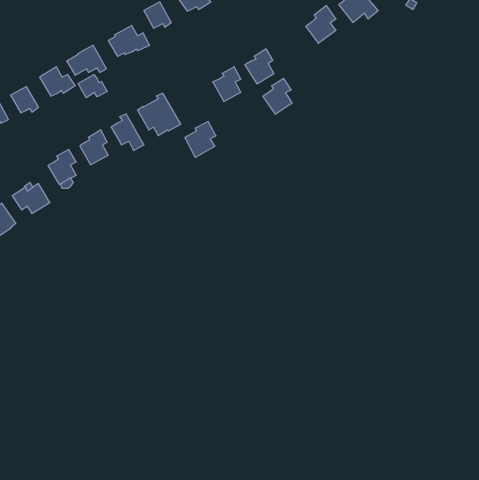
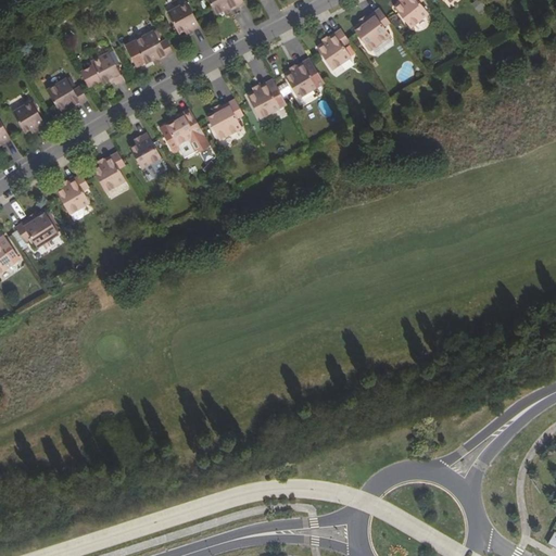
building: [78,75,107,98] -> none
building: [263,79,292,114] -> [315,28,349,70]
building: [185,122,216,157] -> [206,98,242,139]

